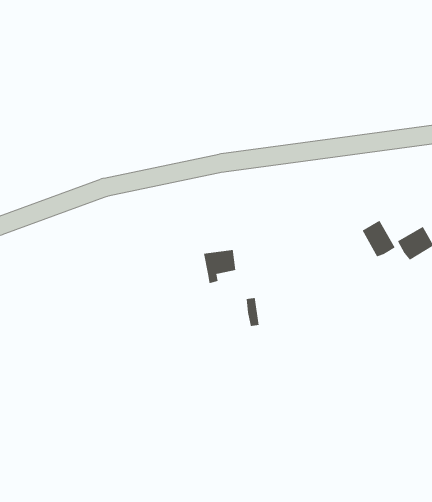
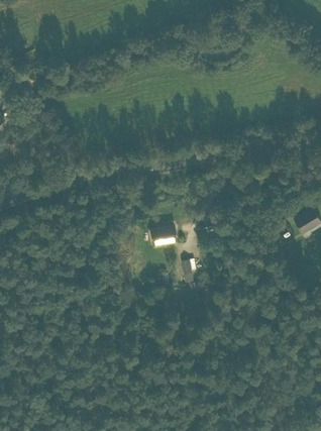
building: [362,220,396,257] -> none

